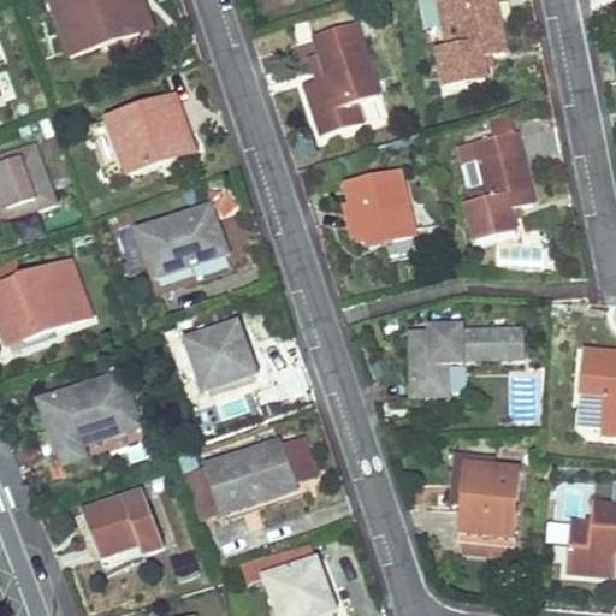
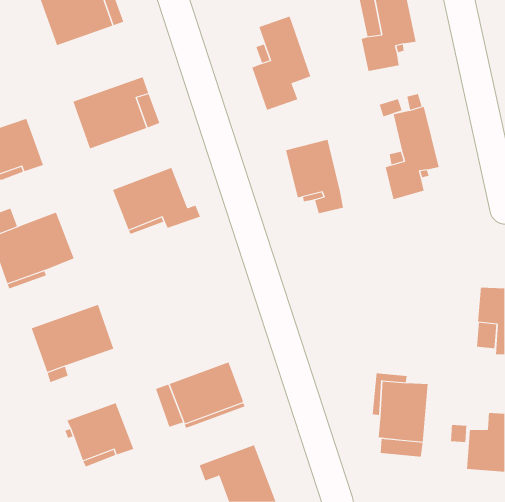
building: [185,321,255,391] -> none
building: [409,324,521,396] -> none
building: [278,431,319,485] -> none

